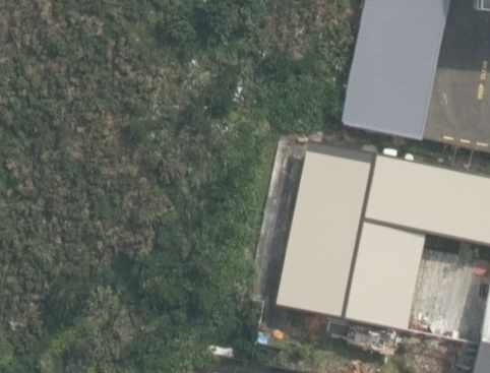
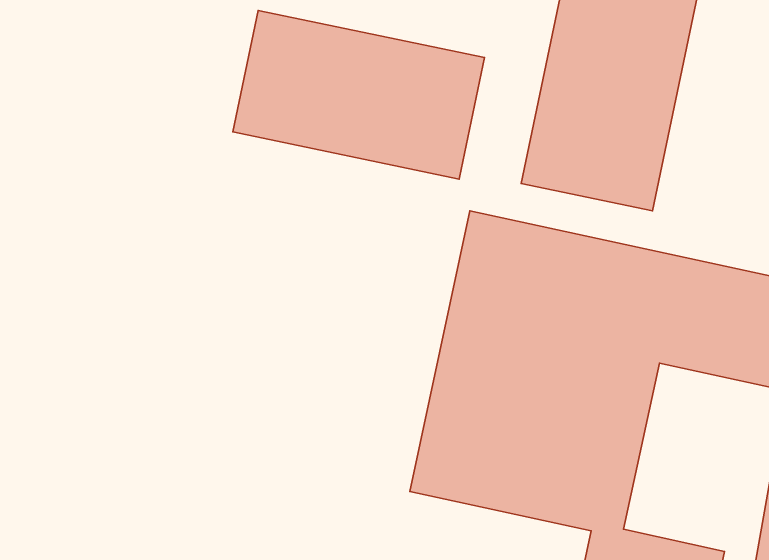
building: none -> [233,10,484,179]

